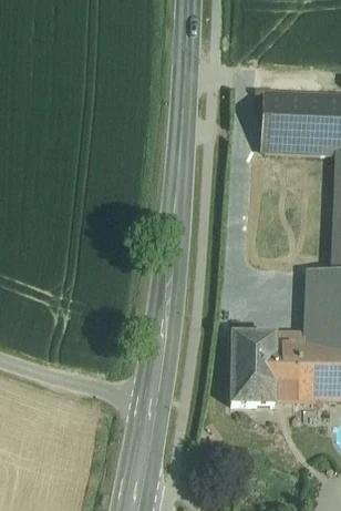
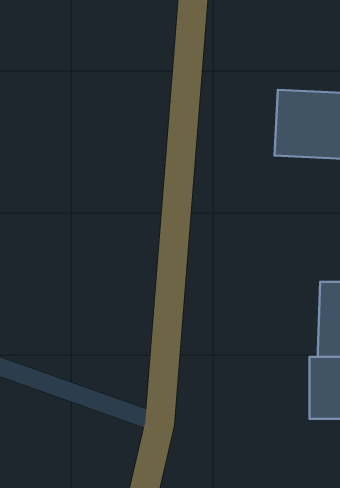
building: [230,335,296,405] -> none

